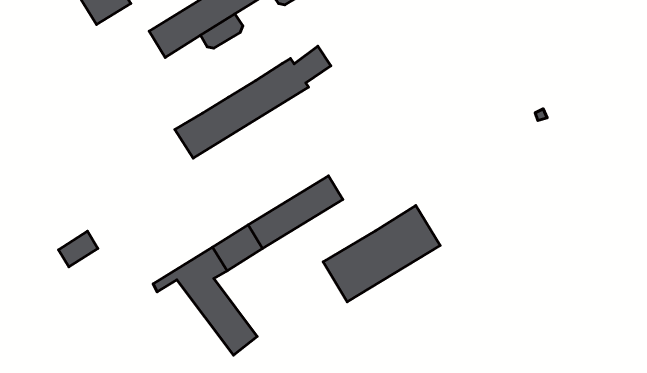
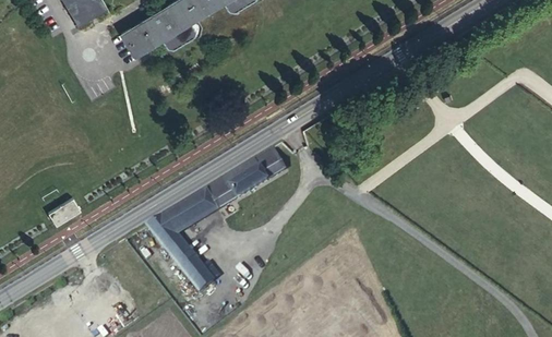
building: [175,46,331,158] -> none
building: [323,206,440,302] -> none

